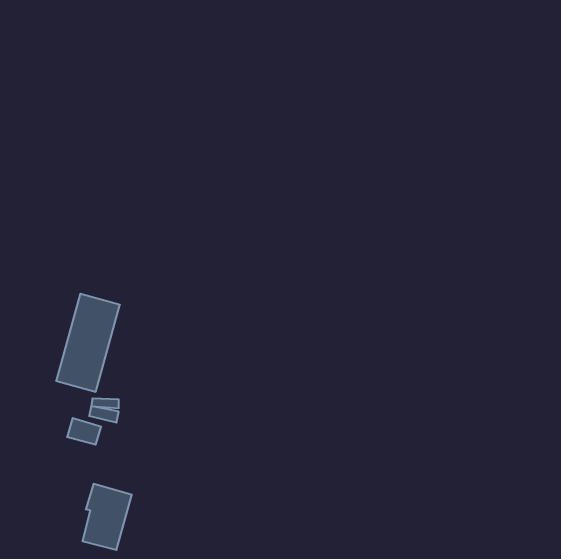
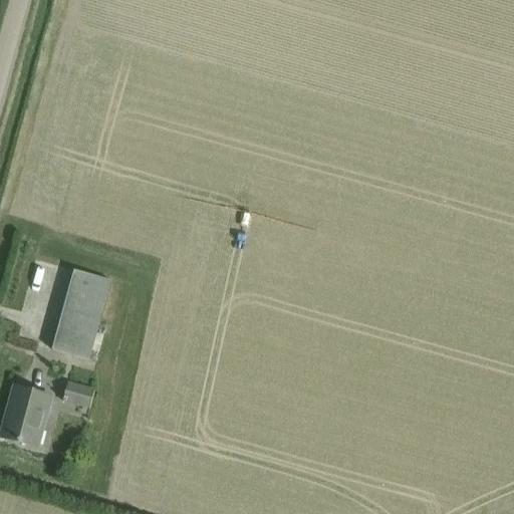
building: [82,484,132,550] -> [5,383,50,444]

